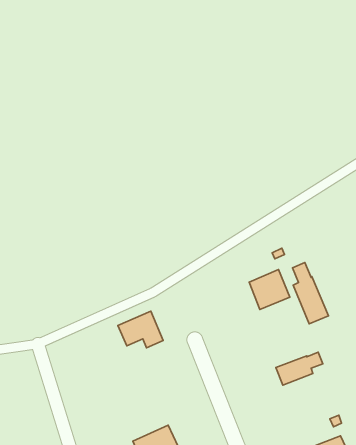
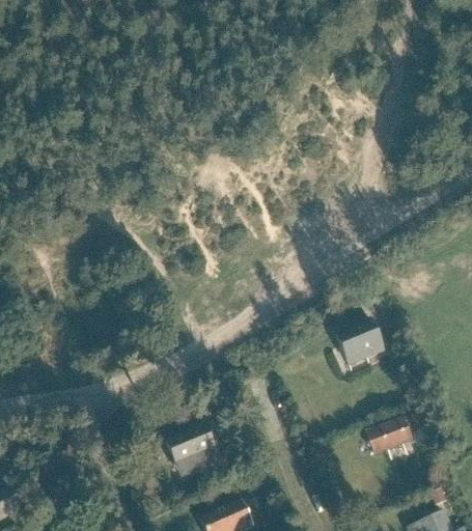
building: [292,263,329,324] -> none
building: [118,311,163,348] -> [166,427,219,470]

